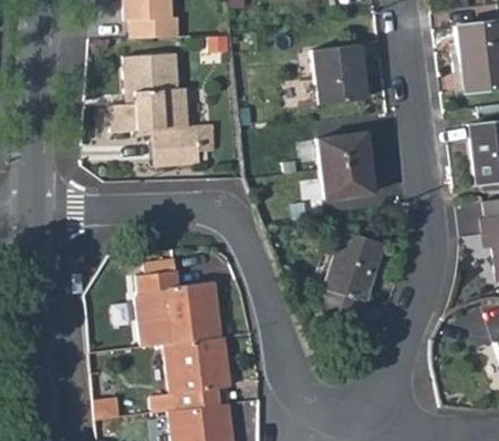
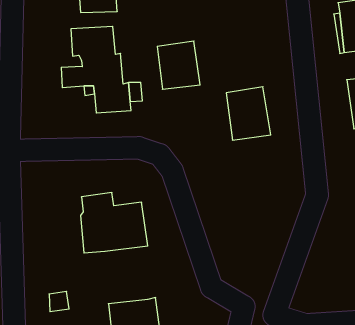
building: [311,45,365,106] -> [157,41,200,89]
building: [324,230,385,316] -> none
building: [150,335,228,410] -> none

